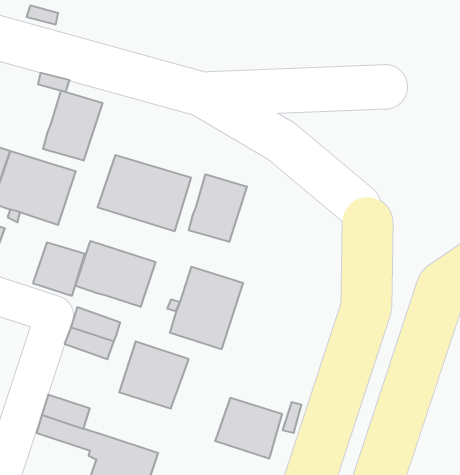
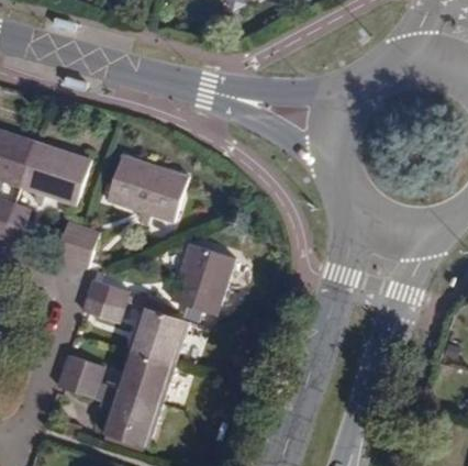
building: [43,90,102,161] -> none
building: [189,174,247,242] -> none
building: [76,241,156,307] -> none
building: [215,398,282,459] -> [115,352,174,404]

